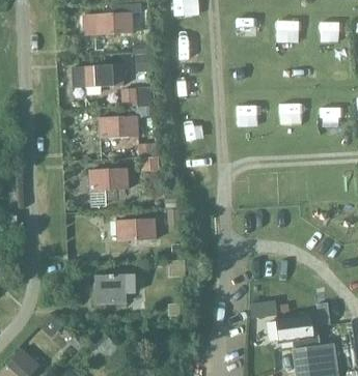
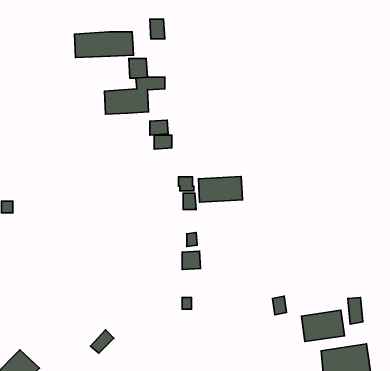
building: [88,168,128,191] -> none
building: [115,219,155,241] -> [198,177,242,202]
building: [93,274,135,303] -> none

